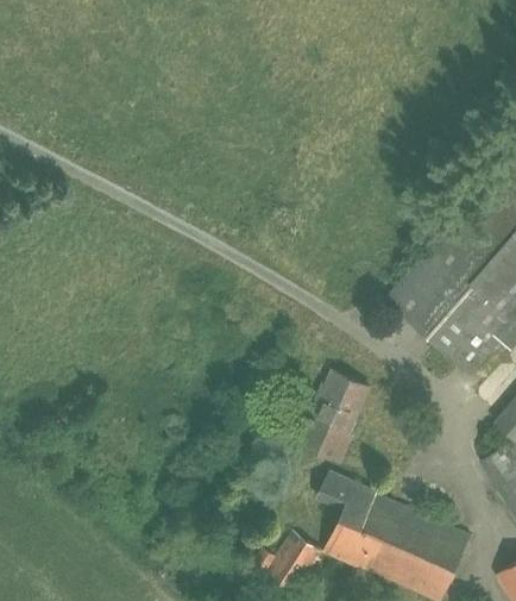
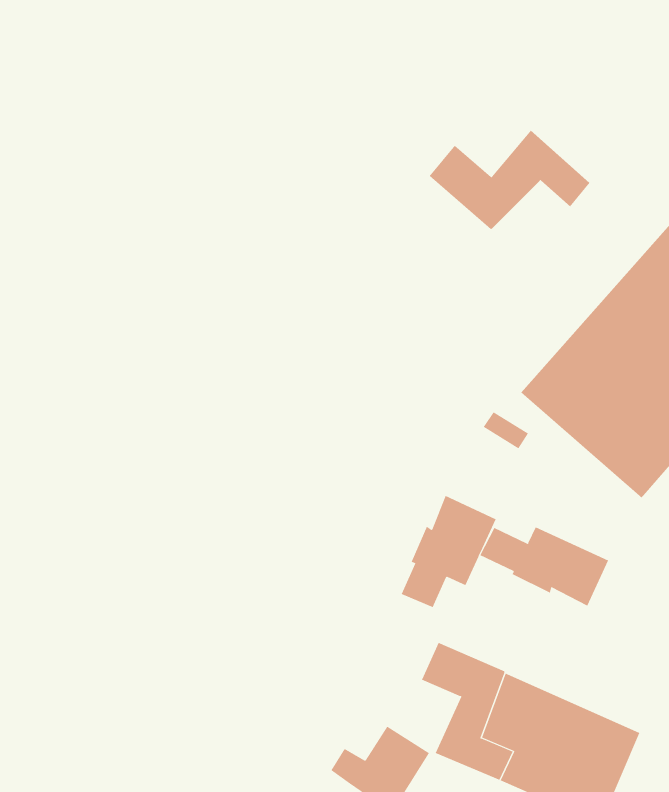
building: none -> [429,130,590,230]
building: none -> [480,526,609,606]

